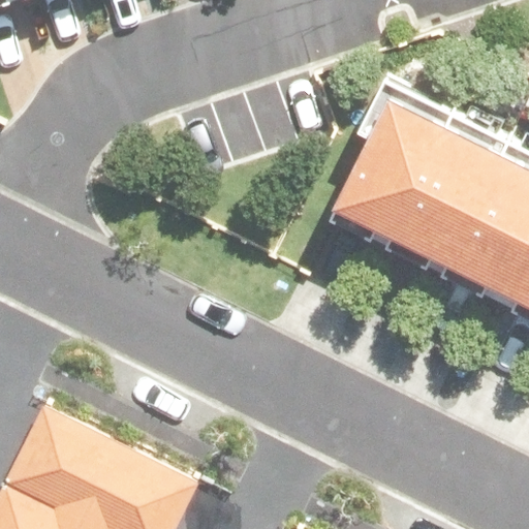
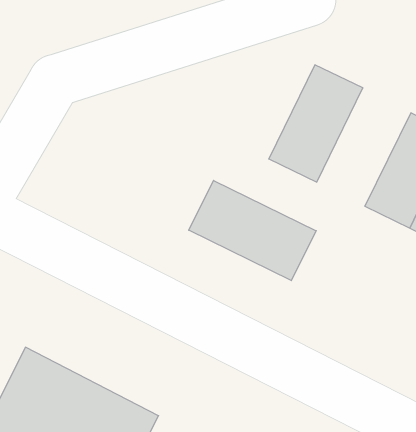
building: [393,119,502,256] -> none
building: none -> [189,180,316,281]

